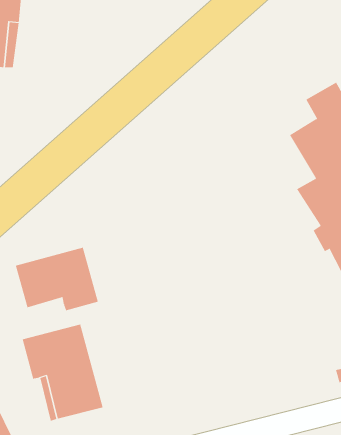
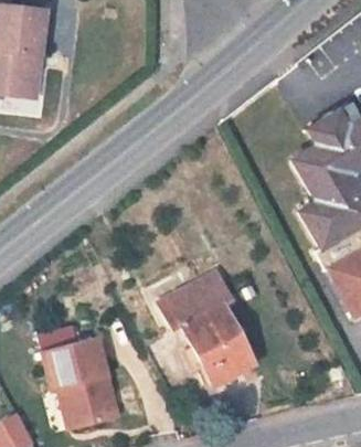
building: [15,247,98,311] -> none
building: none -> [160,273,254,385]

